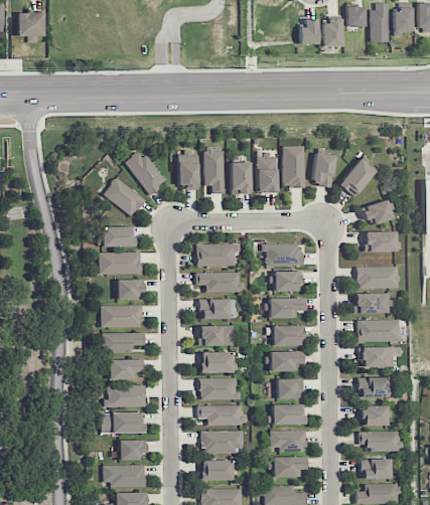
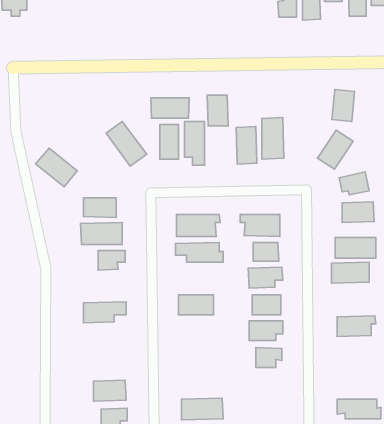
building: none -> [151,98,189,118]
building: [312,153,335,185] -> [332,90,355,121]
building: [231,162,252,193] -> [207,95,228,126]
building: [103,177,145,216] -> [35,148,77,187]
building: [199,298,230,319] -> none
building: [102,305,143,327] -> none
building: [357,319,399,341] -> none
building: [199,351,233,372] -> none
building: [110,359,144,379] -> none
building: [359,376,389,397] -> none
building: [199,377,241,399] -> none
building: [104,385,146,406] -> none
building: [272,403,304,425] -> none
building: [198,404,247,426] -> none
building: [362,404,388,426] -> none
building: [270,430,306,452] -> none

